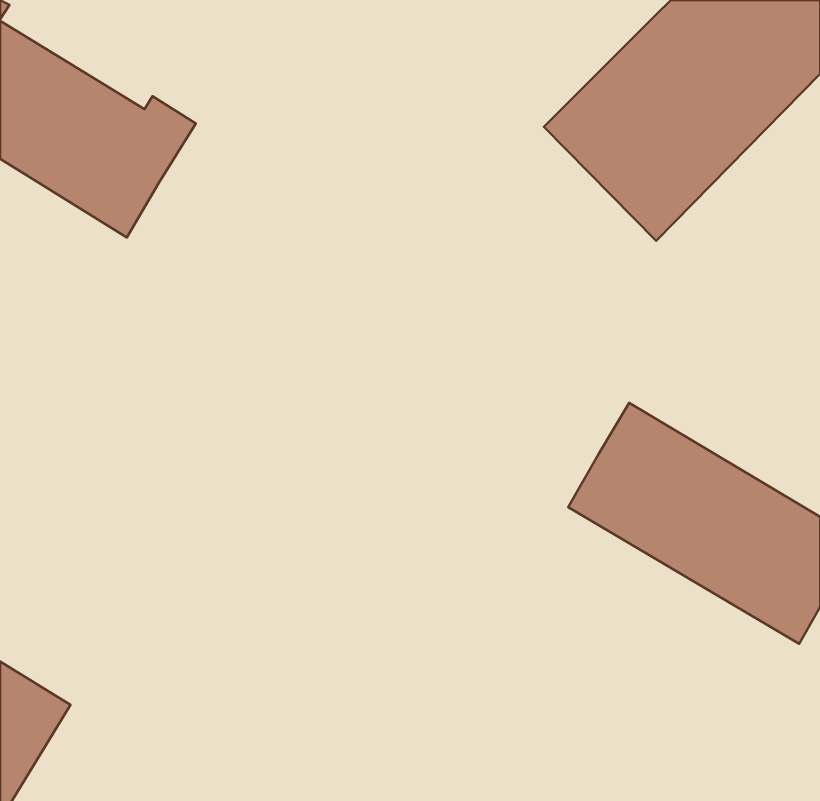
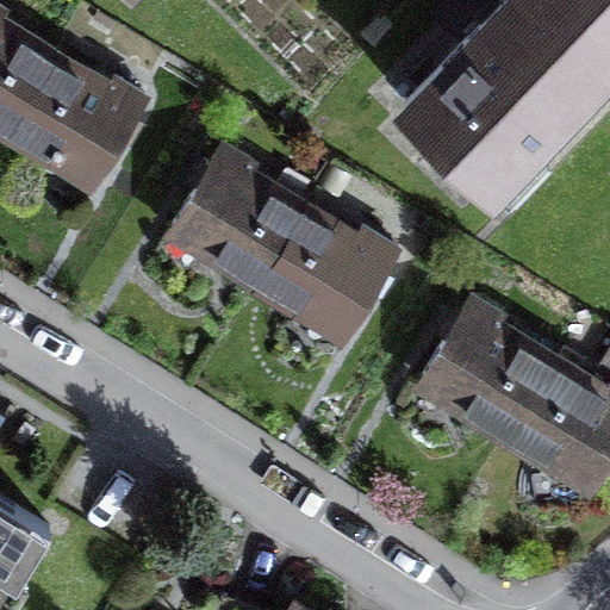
building: none -> [175,158,388,340]

